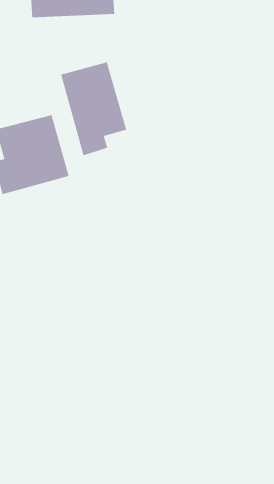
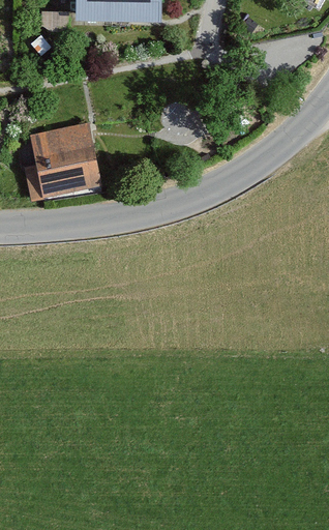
building: [61,62,127,156] -> none

